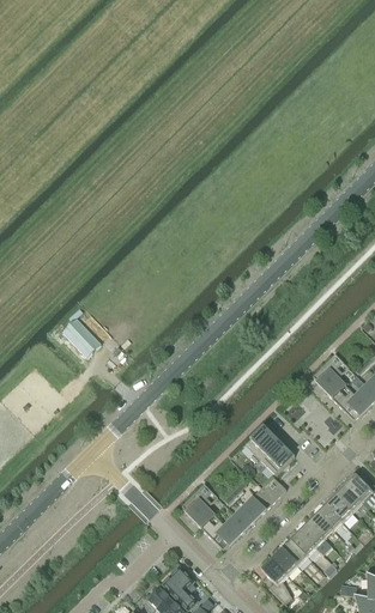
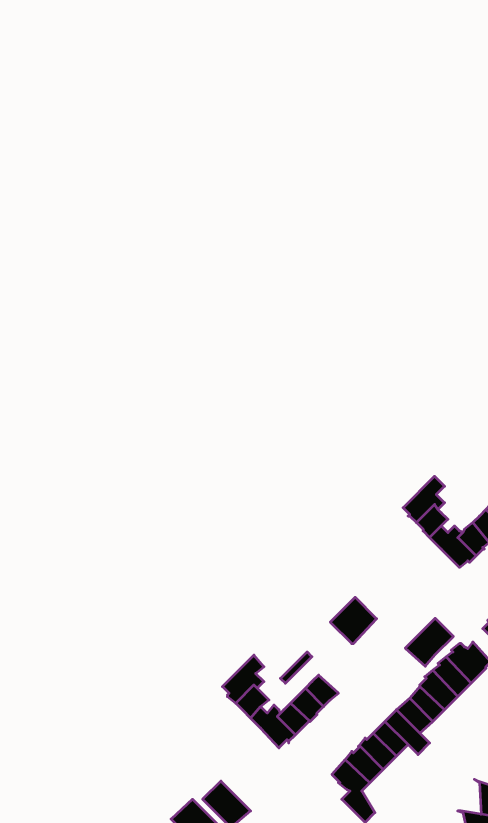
building: [62,316,101,356] -> none
building: [244,424,278,457] -> none
building: [252,474,286,509] -> [405,618,453,666]

